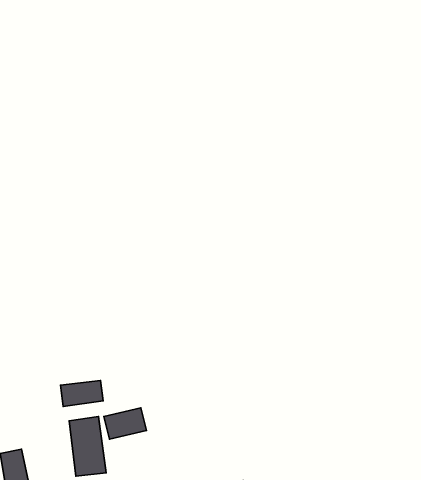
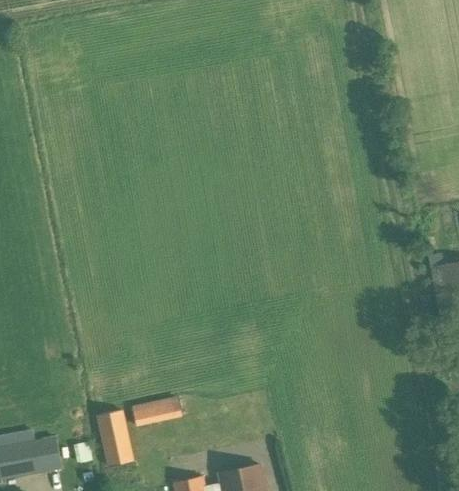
building: [60,380,103,406] -> none

